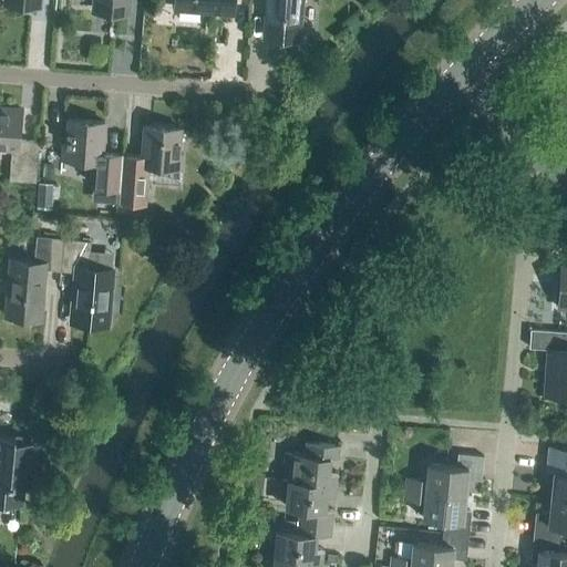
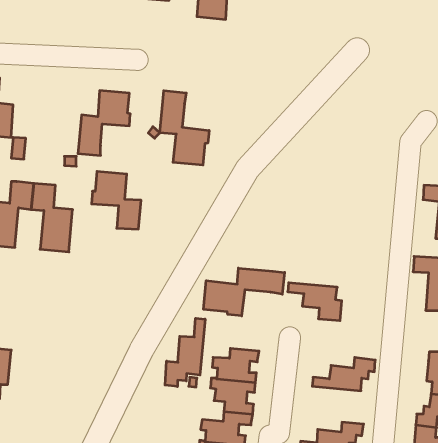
building: [62,121,123,192] -> [92,171,141,229]
building: none -> [160,91,209,165]
building: none -> [204,268,285,316]
building: none -> [165,318,205,387]
building: [405,489,472,536] -> [288,283,342,321]

